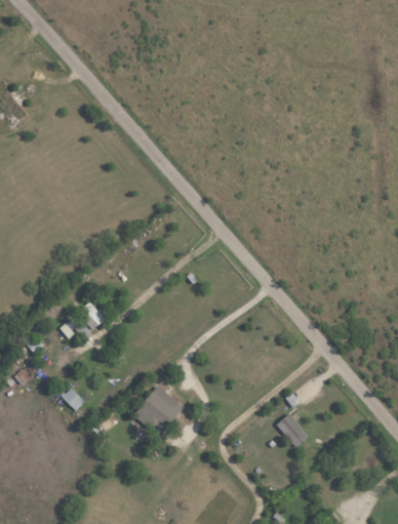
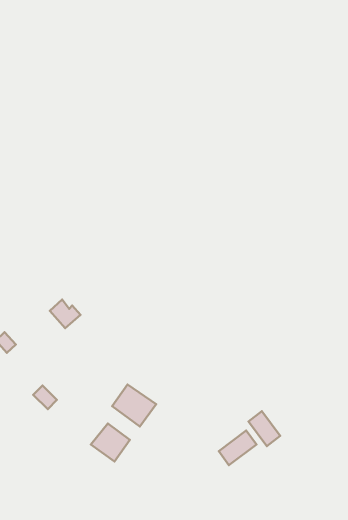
building: none -> [91,423,130,461]
building: none -> [219,430,256,465]

